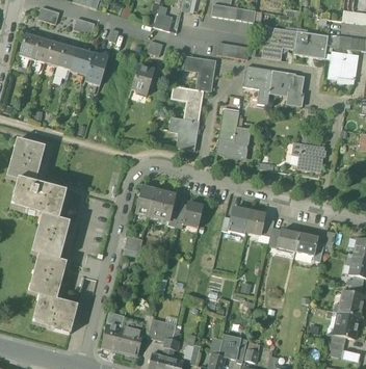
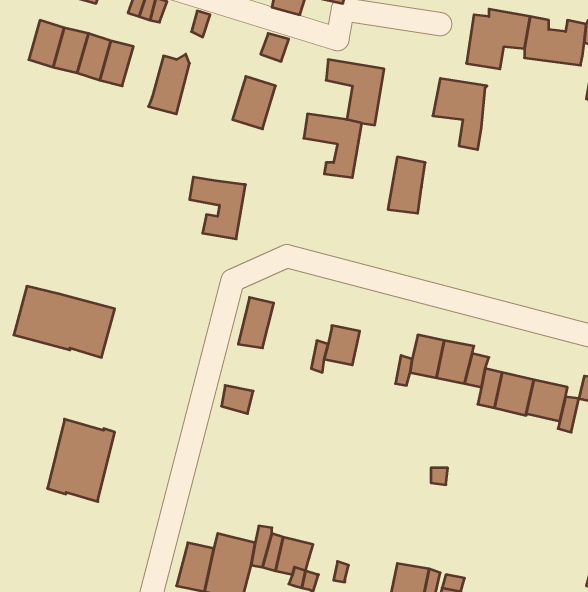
building: [70,48,93,76] -> none
building: [269,71,303,106] -> none
building: [167,116,199,151] -> [190,177,246,239]
building: [215,126,251,159] -> none
building: [6,139,45,185] -> none
building: [292,142,323,172] -> none
building: [148,190,175,220] -> none
building: [30,215,69,261] -> none
building: [31,295,77,333] -> none

